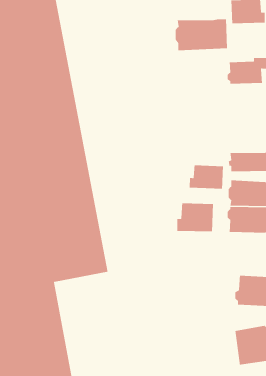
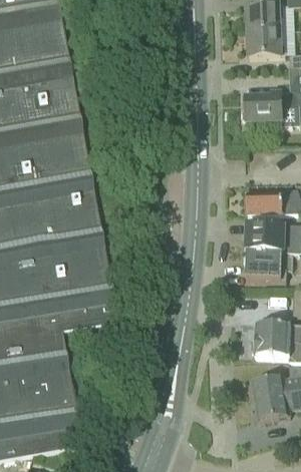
building: [175,19,228,51] -> none
building: [189,165,224,190] -> none
building: [177,203,214,232] -> none

